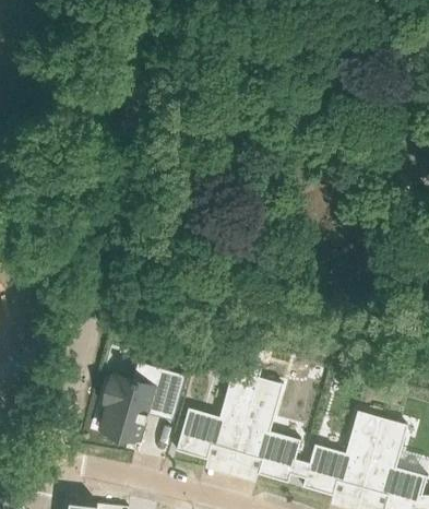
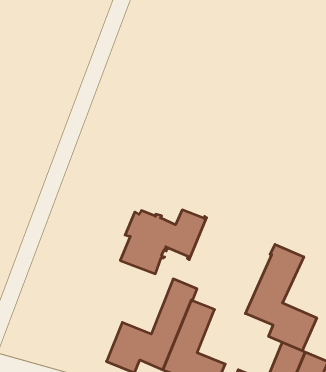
building: none -> [245,244,317,351]
building: [100,370,186,440] -> [120,210,207,274]

